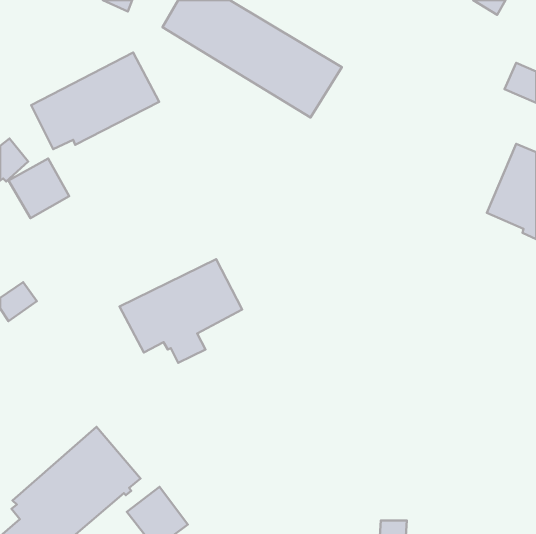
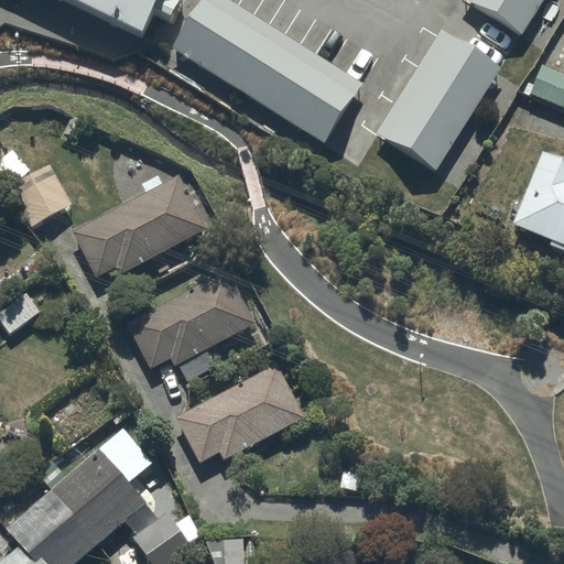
building: none -> [376,23,494,153]
building: [31,53,159,149] -> [74,178,208,280]
building: none -> [177,367,305,465]

